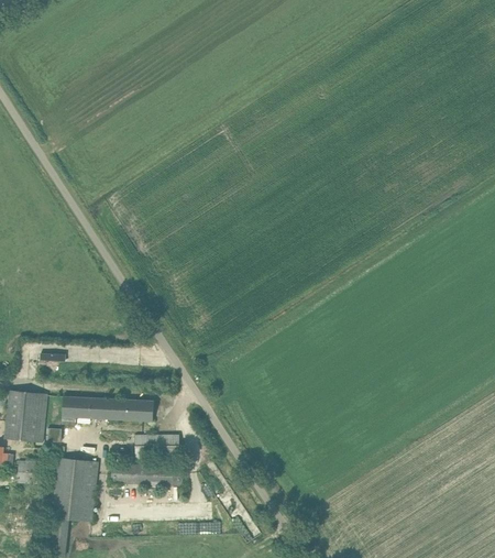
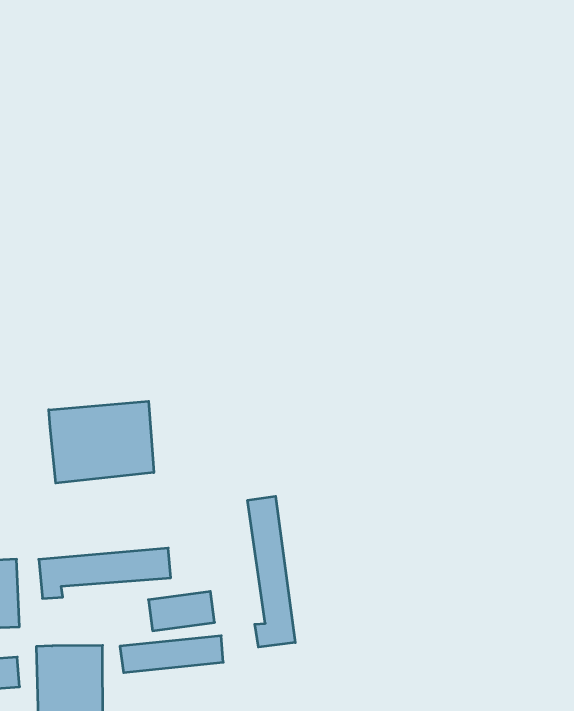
building: none -> [49,401,154,483]
building: none -> [248,496,295,647]

